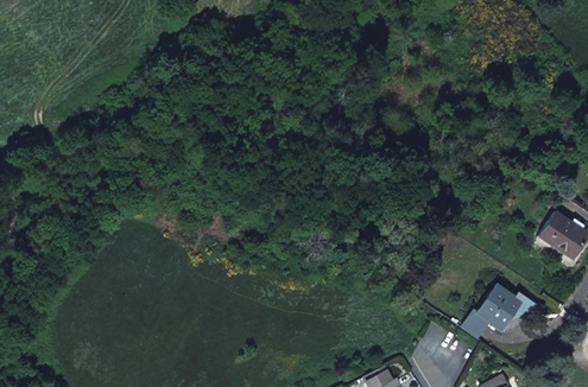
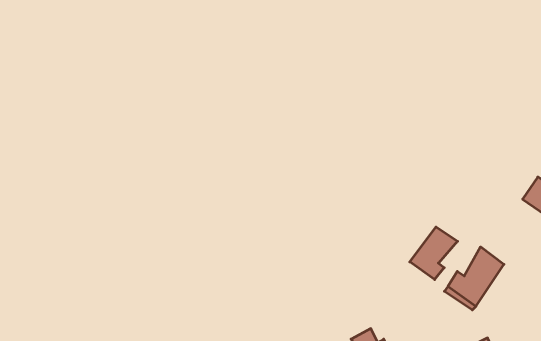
building: none -> [410,227,458,280]

